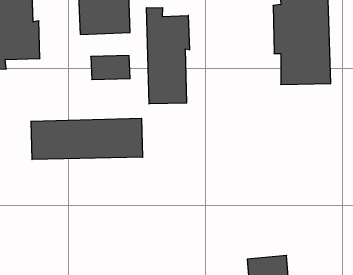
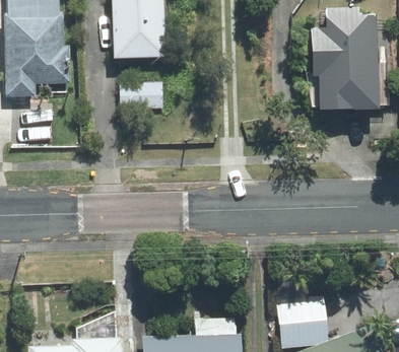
building: [147,8,189,104] -> none
building: [31,118,143,160] -> none

